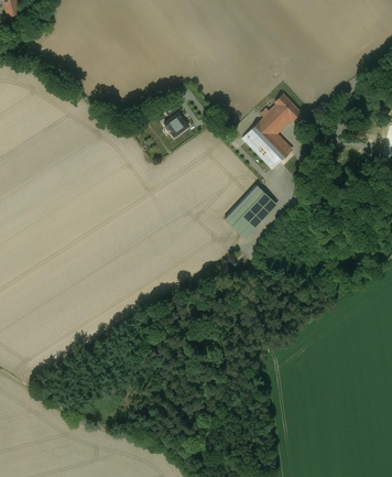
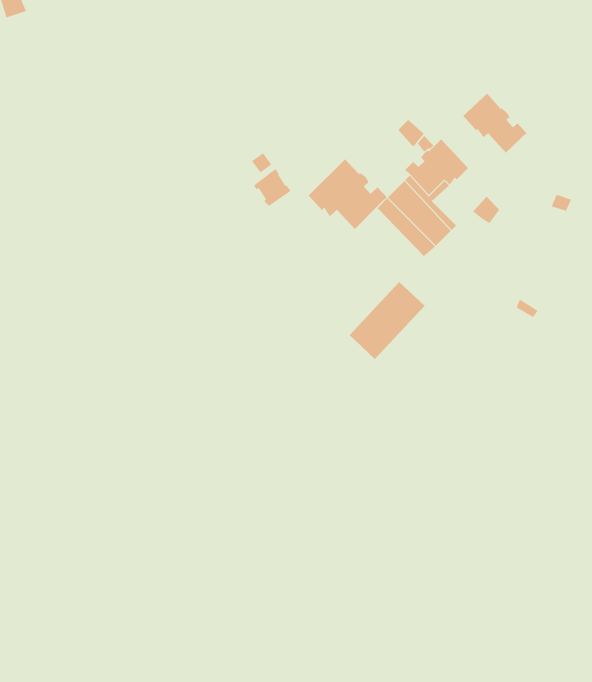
building: none -> [462,93,527,154]
building: none -> [308,159,388,230]

